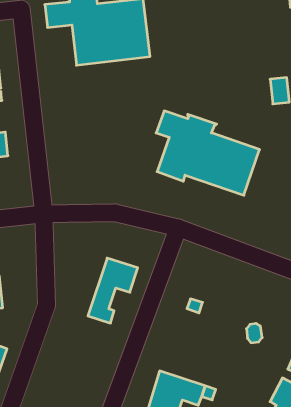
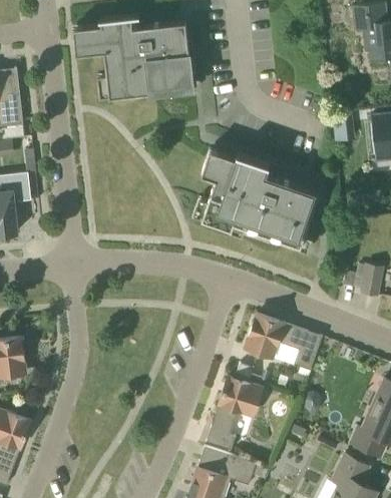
building: none -> [245,313,323,370]
building: [88,258,138,323] -> [206,376,263,450]

